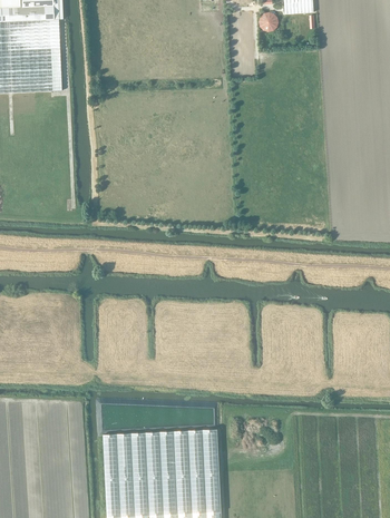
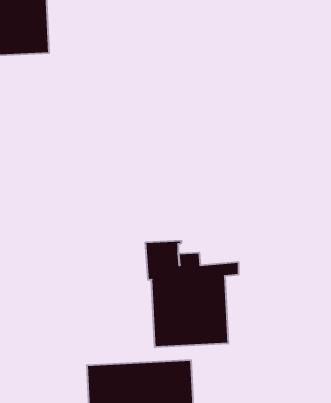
building: none -> [146,241,239,347]

